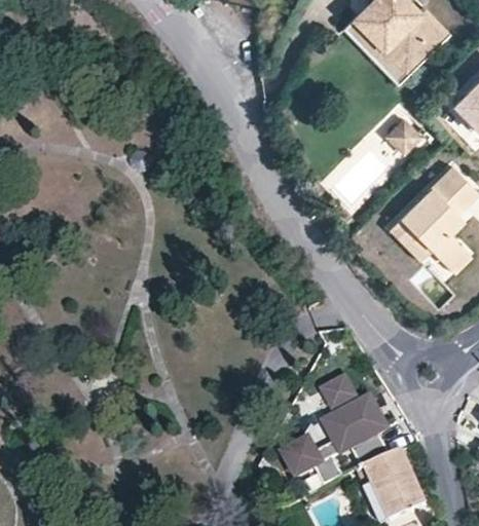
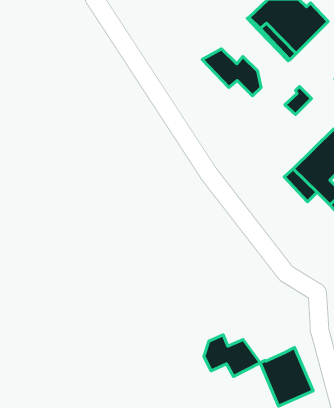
building: none -> [202,49,261,96]
building: [328,373,391,466] -> none

